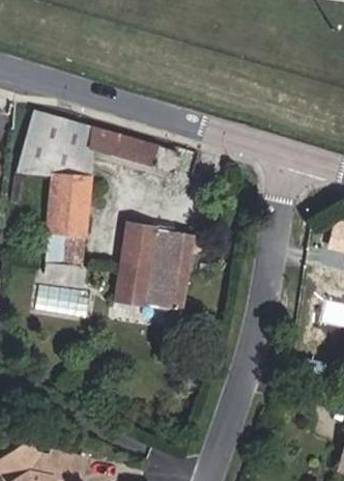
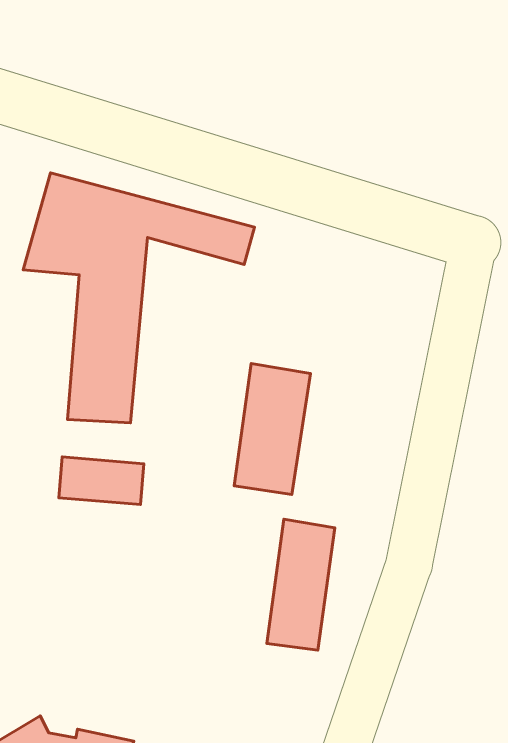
building: [115,223,156,303] -> [267,519,335,650]

